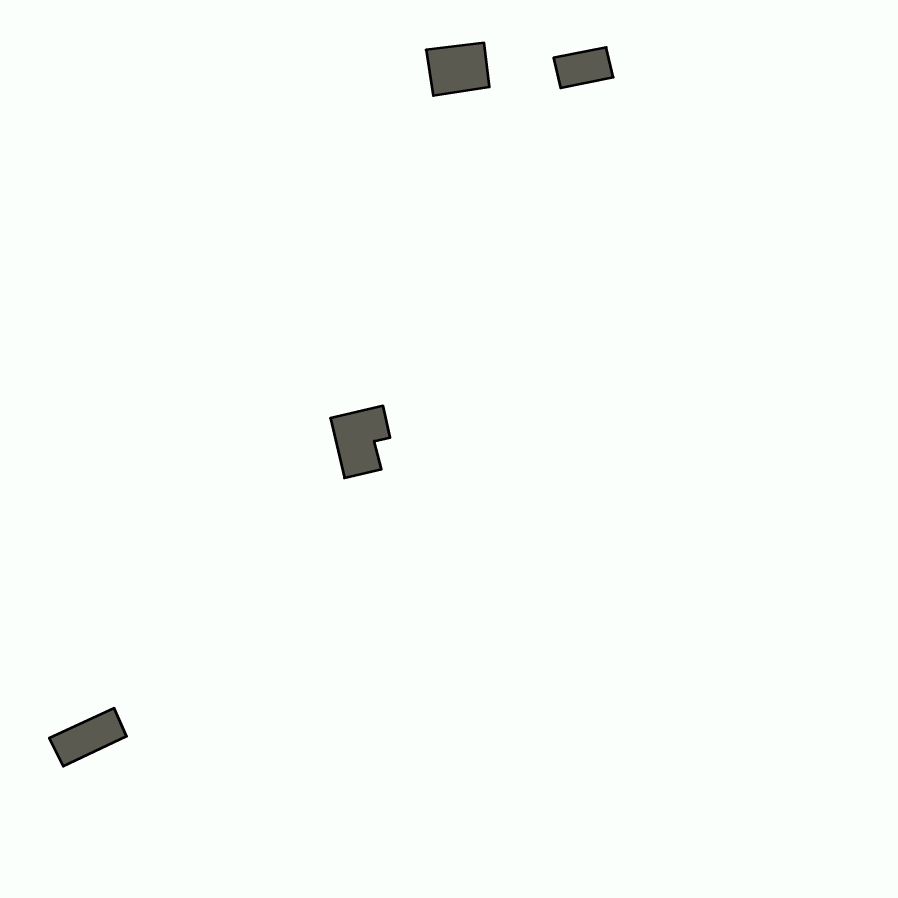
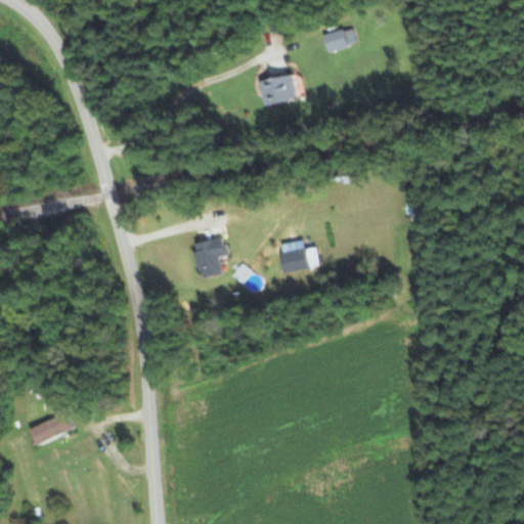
building: [426,43,489,96] -> [260,75,297,105]
building: none -> [279,249,310,272]

